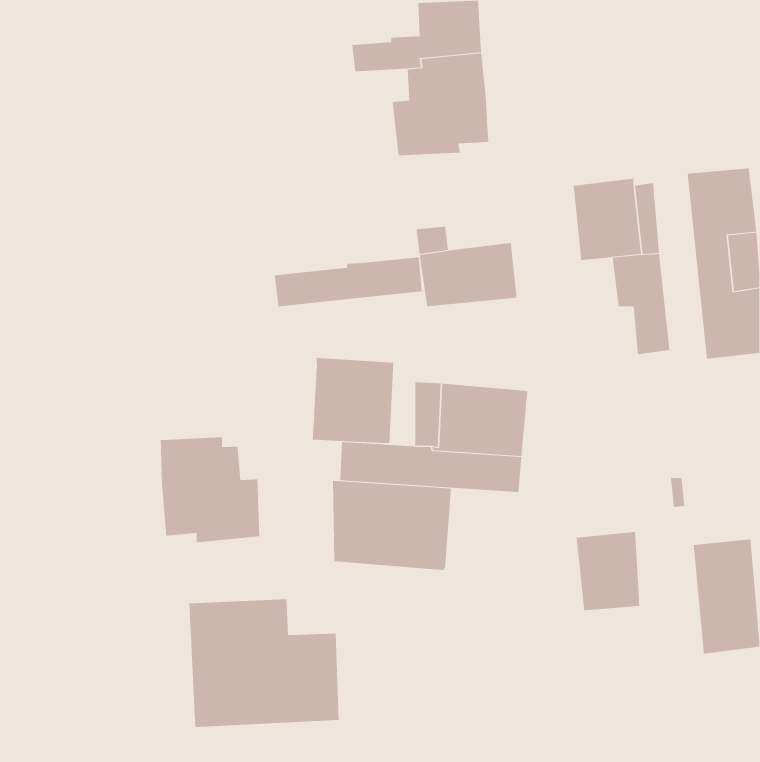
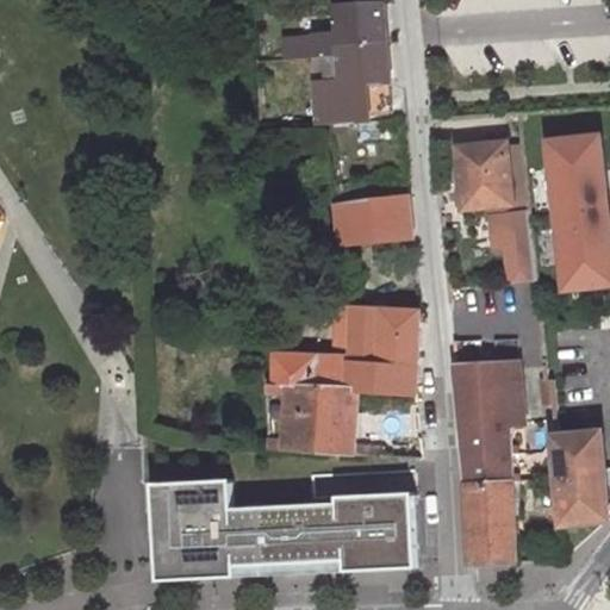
building: [274,257,422,307] -> none
building: [312,357,394,444] -> none
building: [160,437,260,543] -> none
building: none -> [453,361,521,428]
building: none -> [465,483,515,561]
building: none -> [268,490,416,573]

